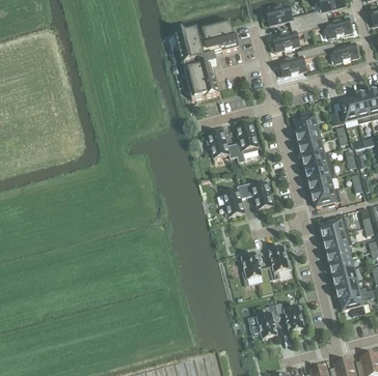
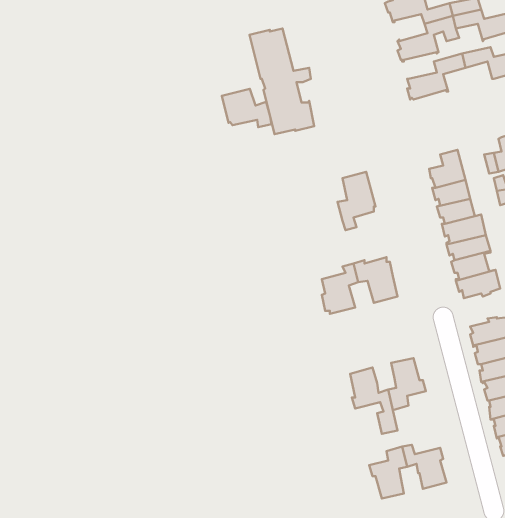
building: [200,20,237,50] -> none
building: none -> [222,89,271,127]
building: [205,129,236,156] -> none

